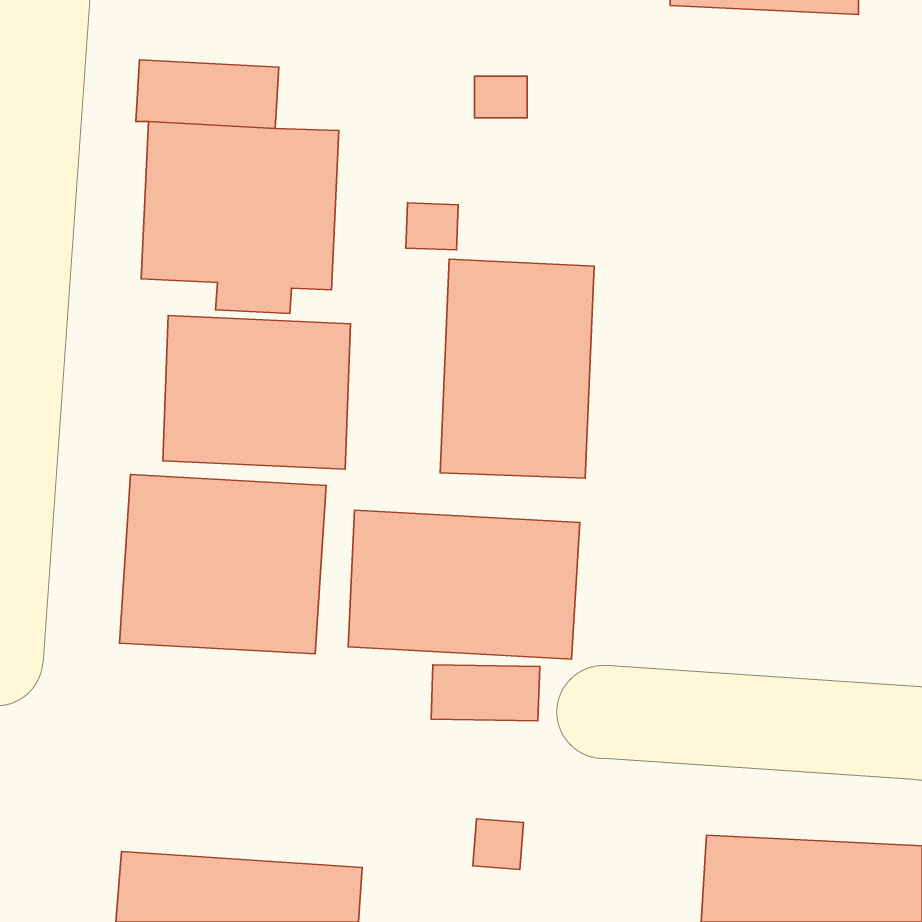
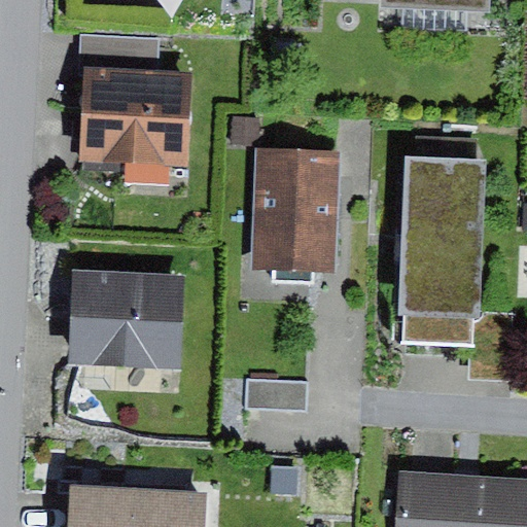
building: none -> [397,153,488,346]
building: [163,315,351,469] -> none
building: [348,510,580,659] -> none

